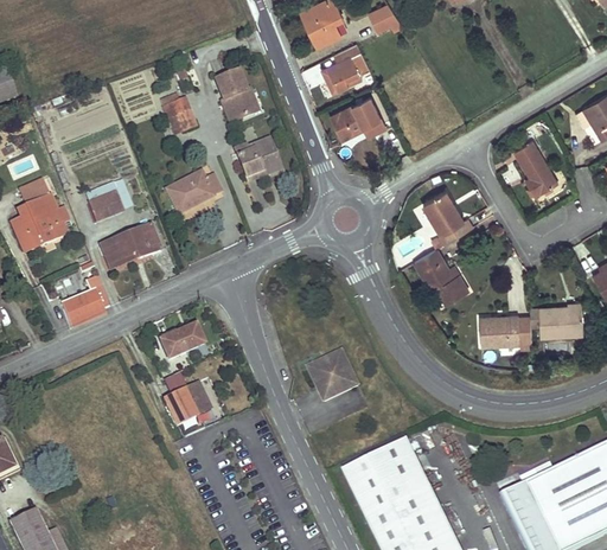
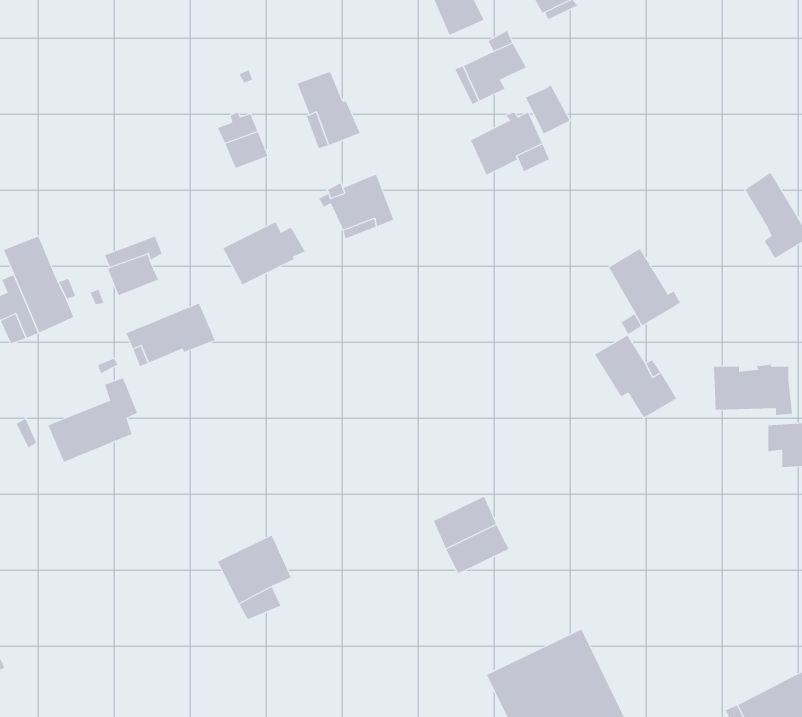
building: none -> [525,84,569,134]
building: [480,313,533,347] -> [713,364,793,416]
building: [161,322,205,357] -> none

